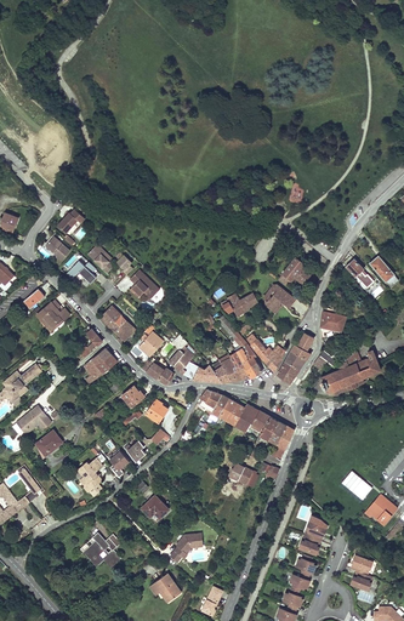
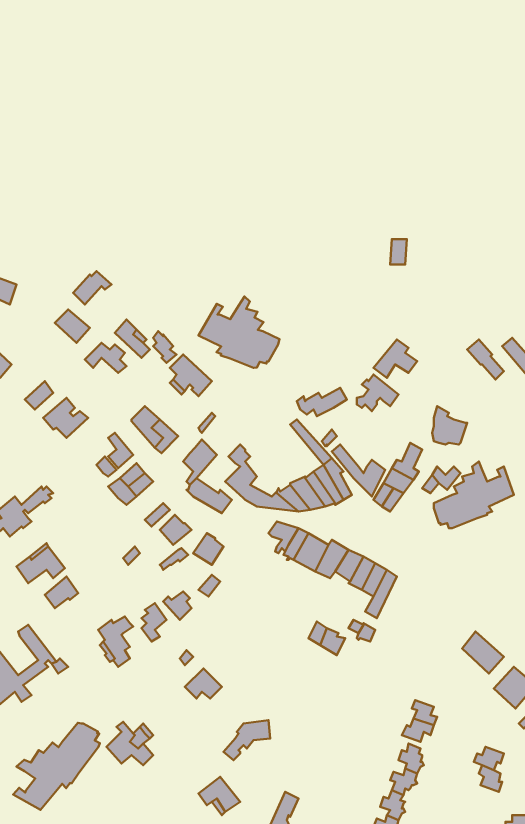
building: none -> [199,297,279,368]
building: none -> [13,723,100,810]

